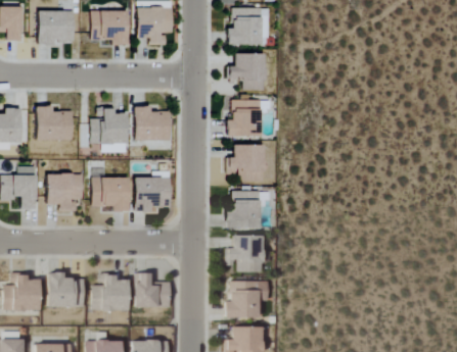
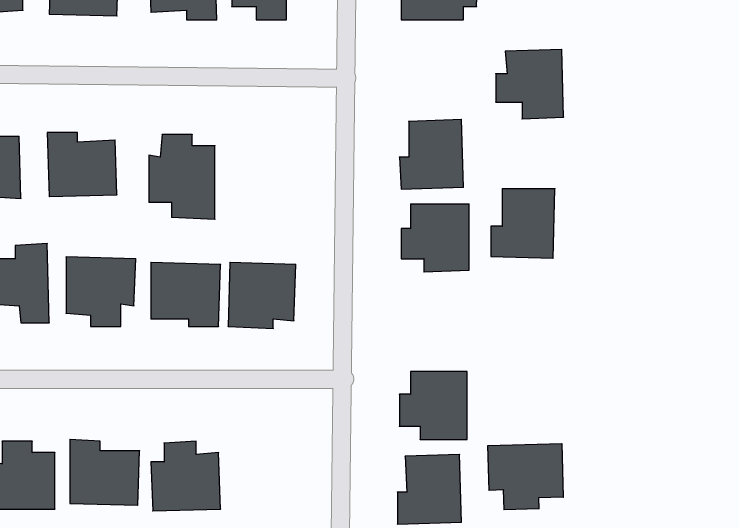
building: [229,53,266,91] -> [496,49,564,119]
building: [134,105,172,141] -> none
building: [226,191,261,229] -> [491,189,555,258]
building: [135,272,171,308] -> none
building: none -> [488,444,563,510]

